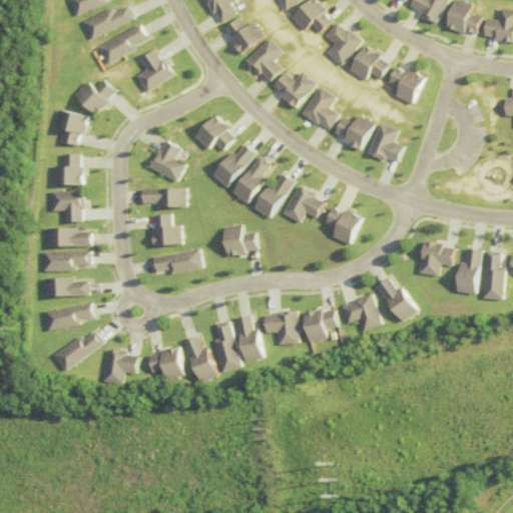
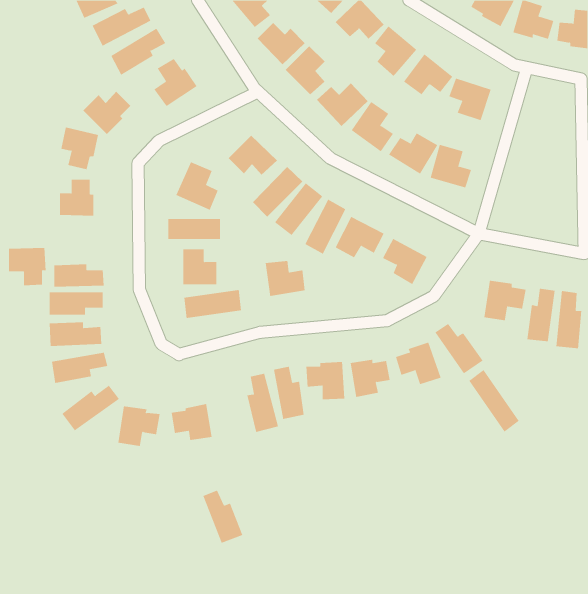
building: [50,190,83,223] -> [8,247,46,286]
building: none -> [469,369,520,432]
building: [182,337,217,383] -> [202,490,243,543]

